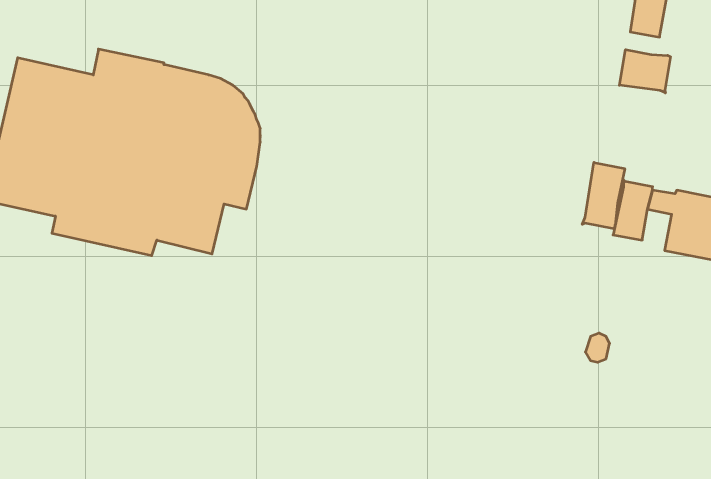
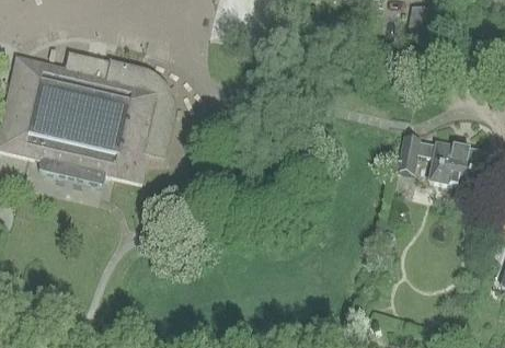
building: [619,50,670,93] -> none
building: [582,162,625,229] -> none

